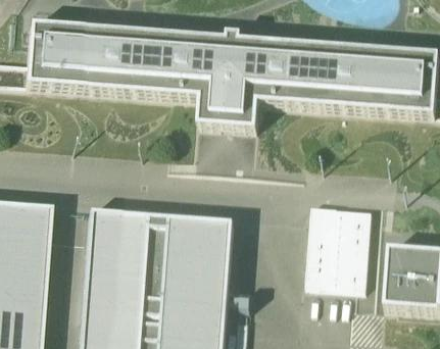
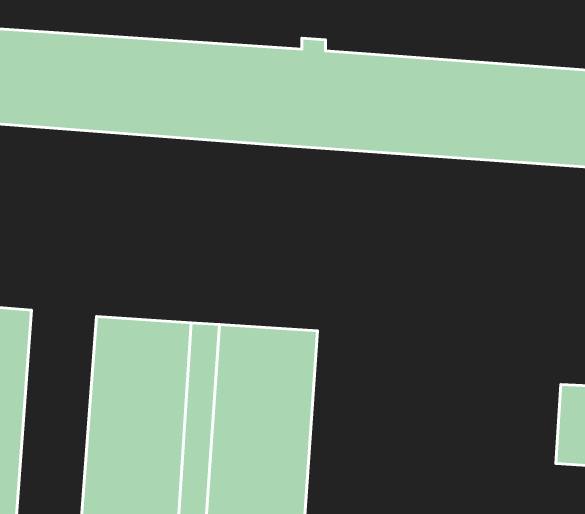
building: [197,97,257,129] -> none
building: [304,202,374,286] -> none

